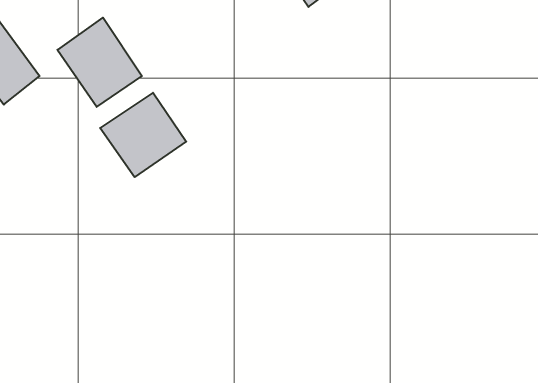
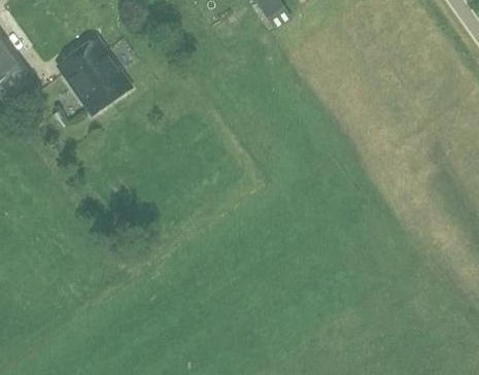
building: [100,93,186,177] -> none

